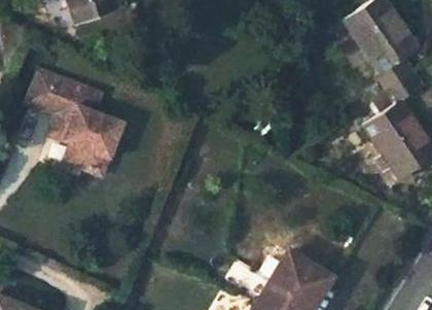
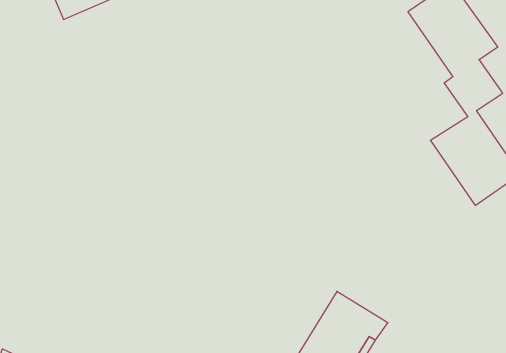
building: [30,70,121,173] -> none

